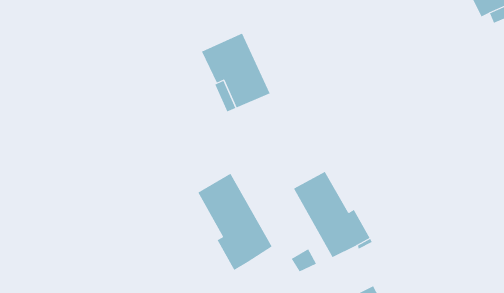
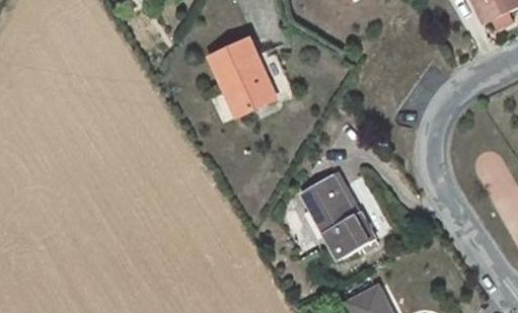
building: [197,173,273,271] -> none

